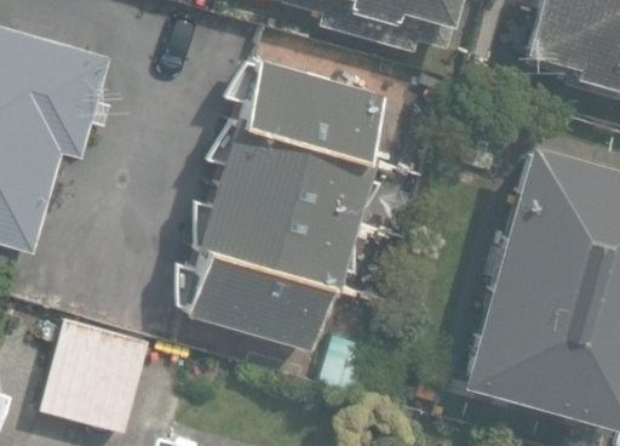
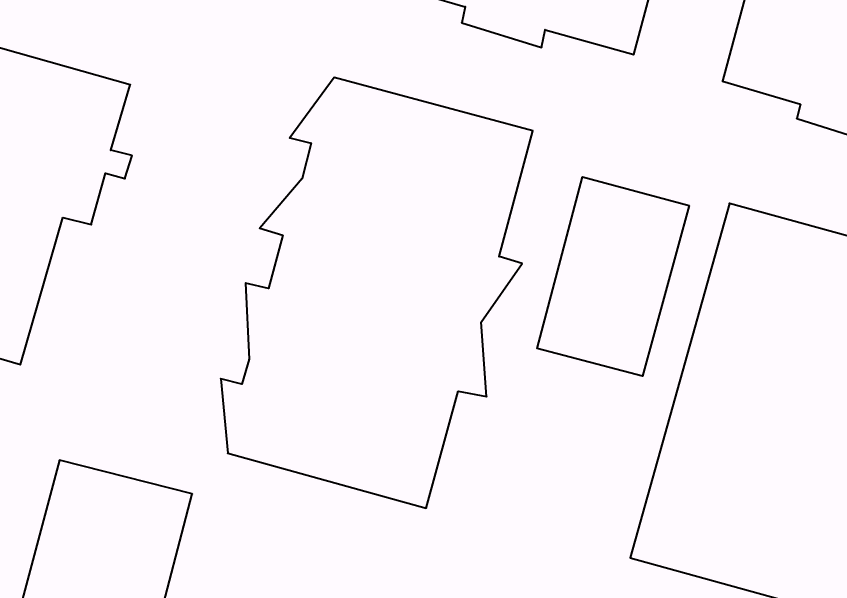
building: none -> [537,177,689,376]

